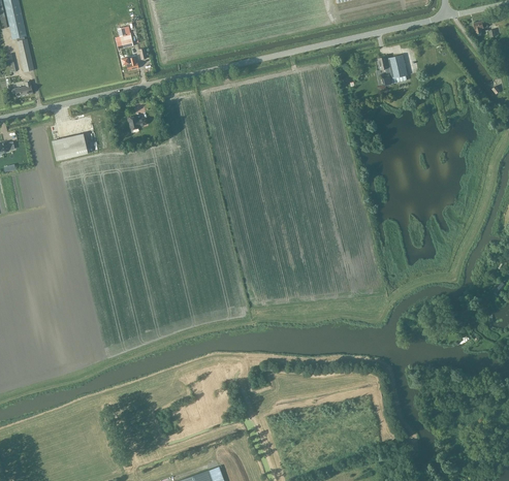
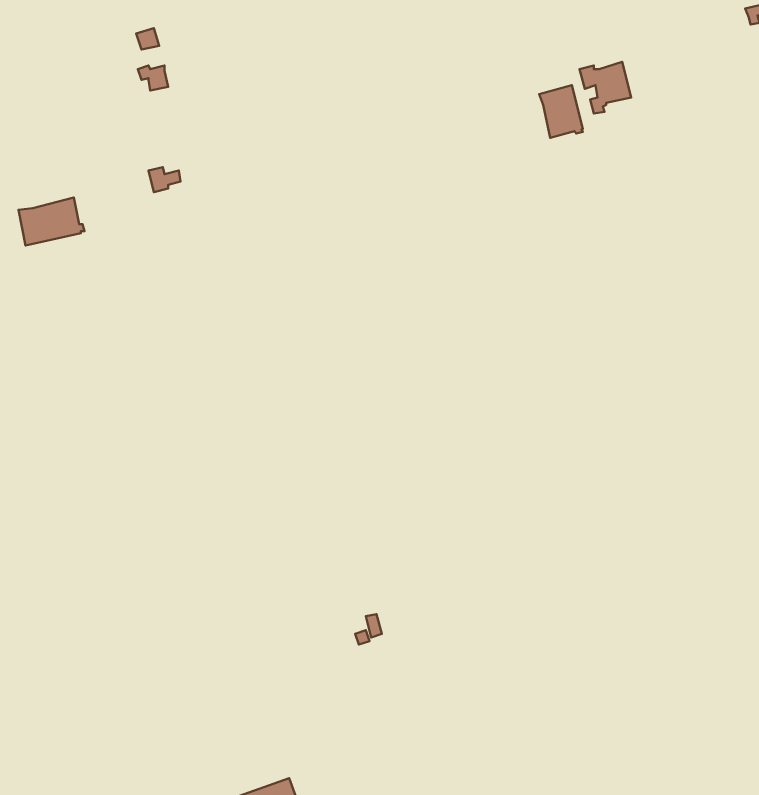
building: none -> [539,85,583,138]

